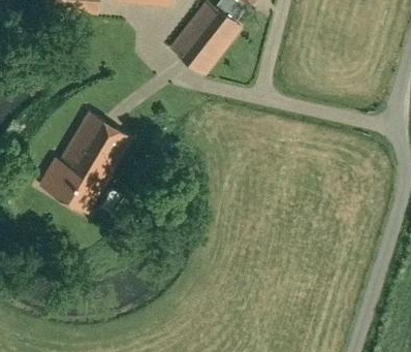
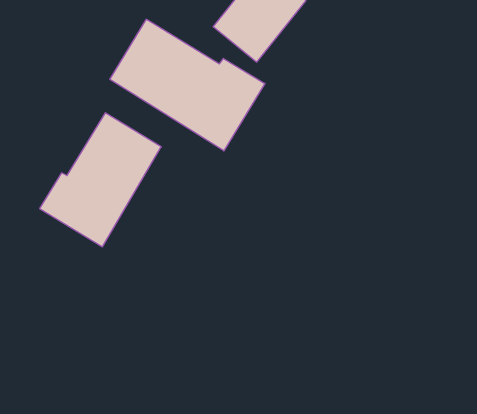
building: none -> [110,19,265,151]

